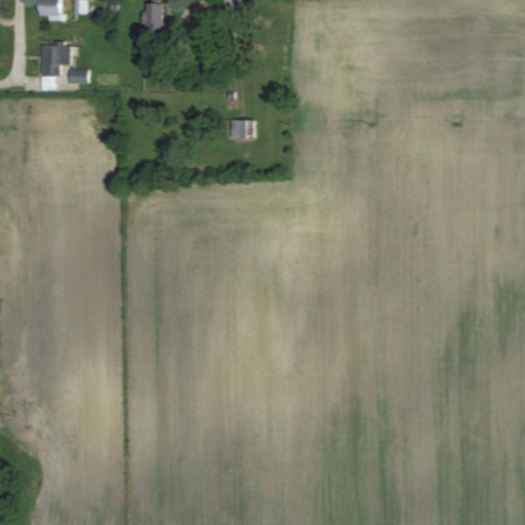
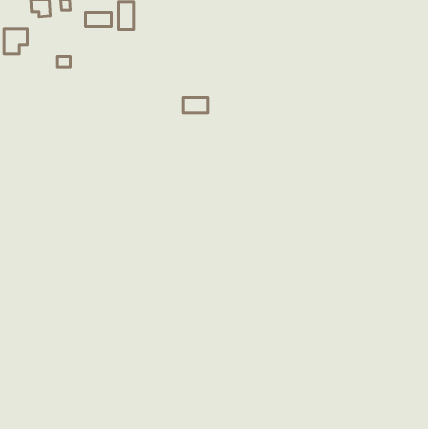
building: none -> [85,13,111,26]
building: [41,44,70,75] -> [4,29,28,54]

